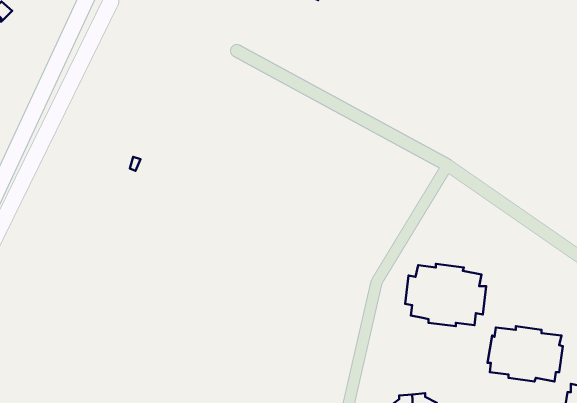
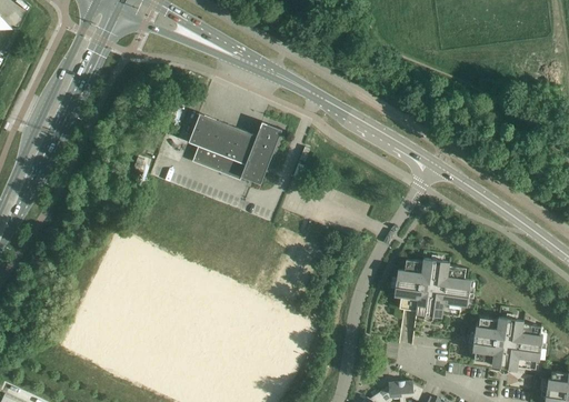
building: none -> [188,113,281,184]

